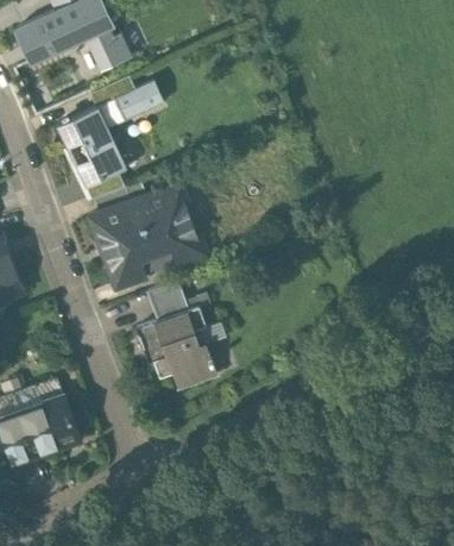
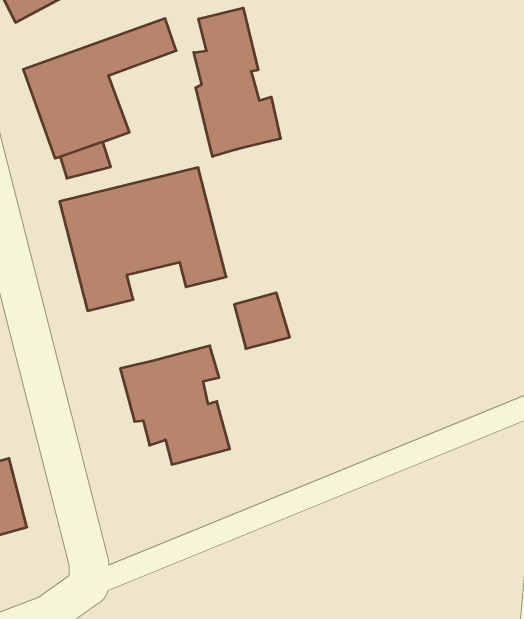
building: none -> [194,8,281,157]
building: [147,280,188,320] -> [234,293,290,349]

